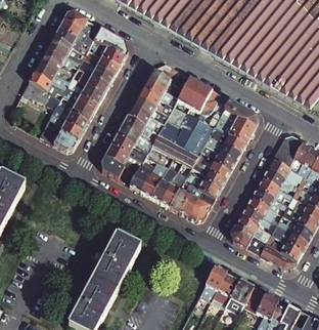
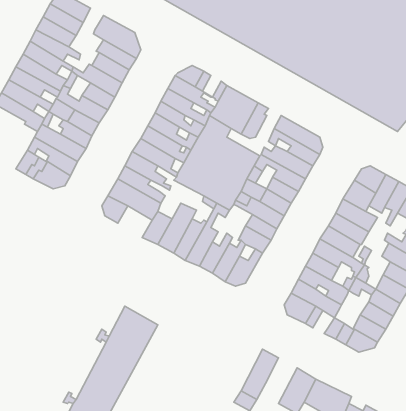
building: [218,271,240,303] -> none

